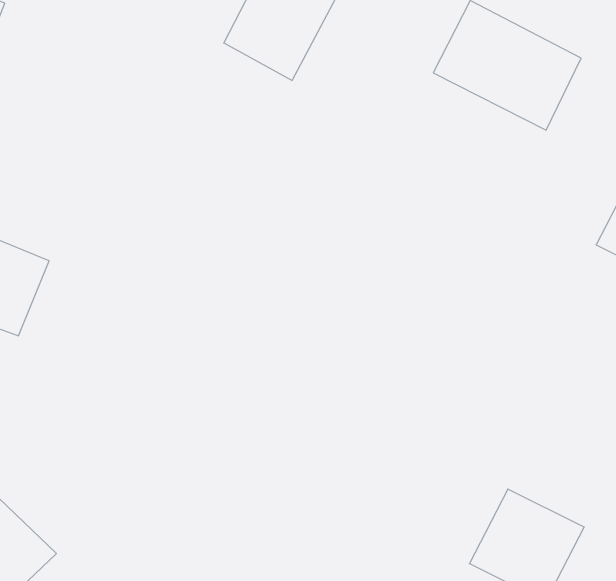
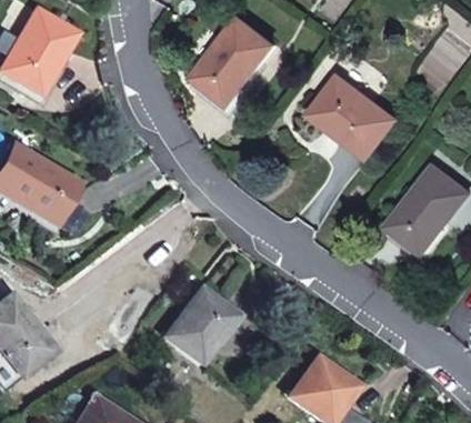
building: none -> [161,286,236,364]

